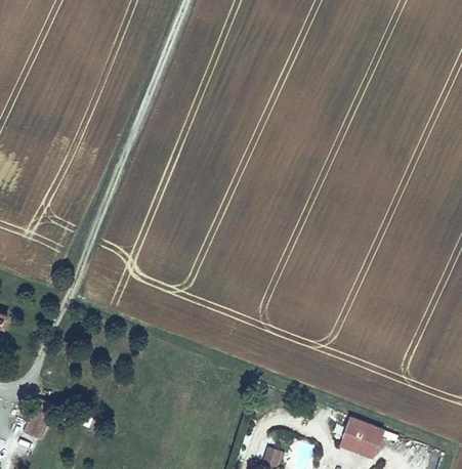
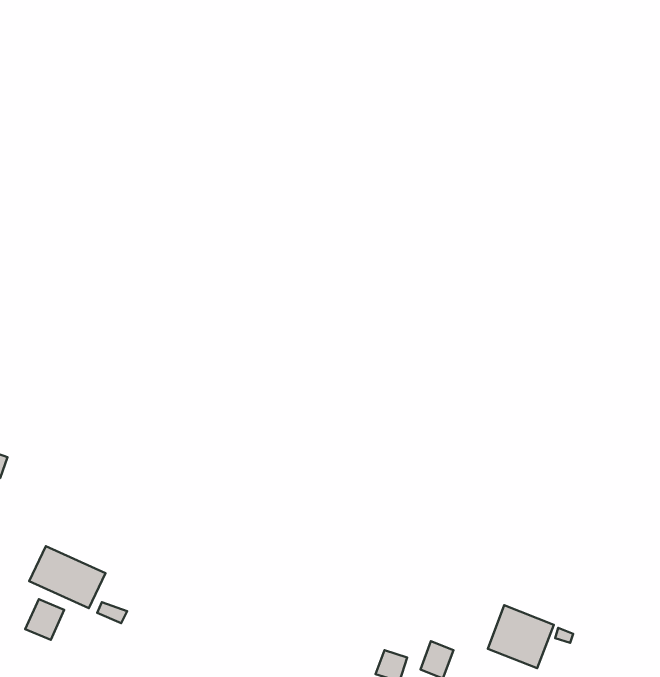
building: none -> [29,546,106,608]

